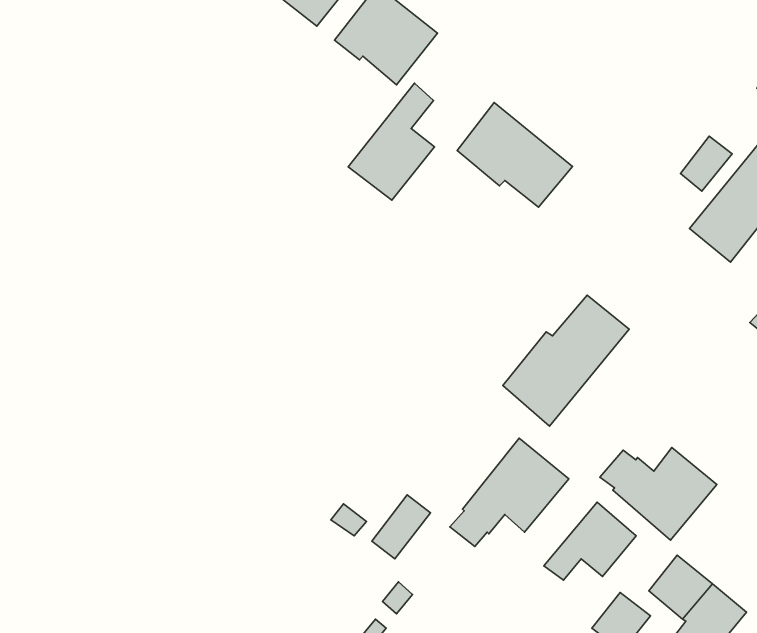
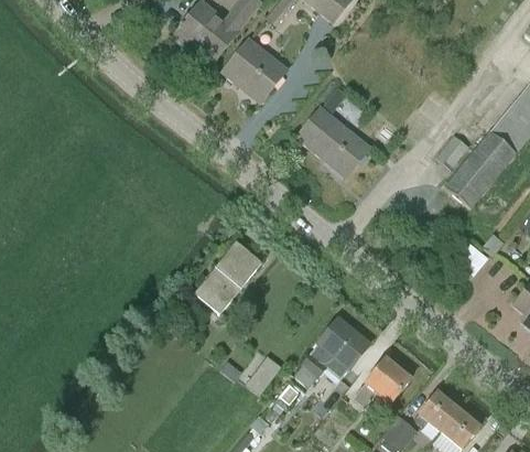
building: [348,83,434,200] -> none
building: [503,295,629,426] -> none
building: none -> [195,241,260,311]
building: [600,448,717,540] -> none

